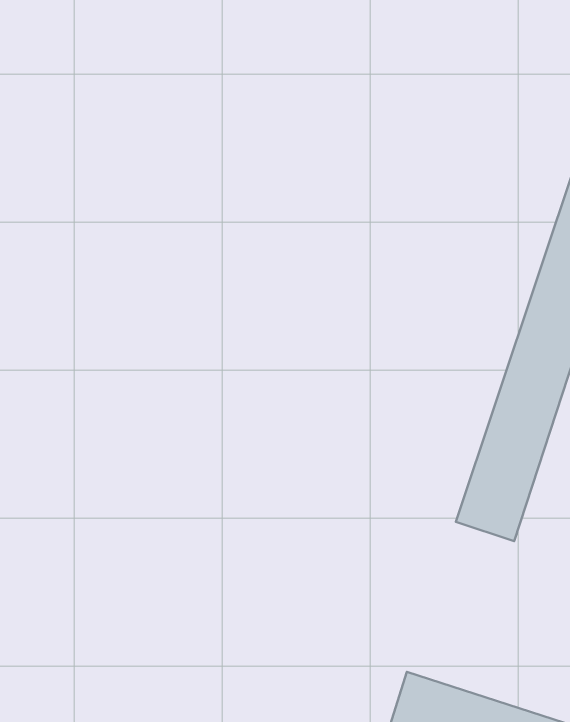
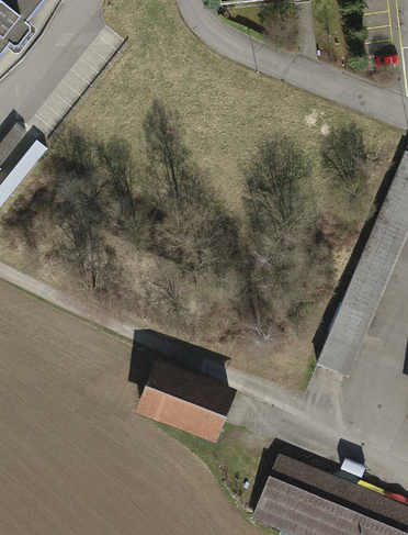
building: none -> [135,358,237,443]

